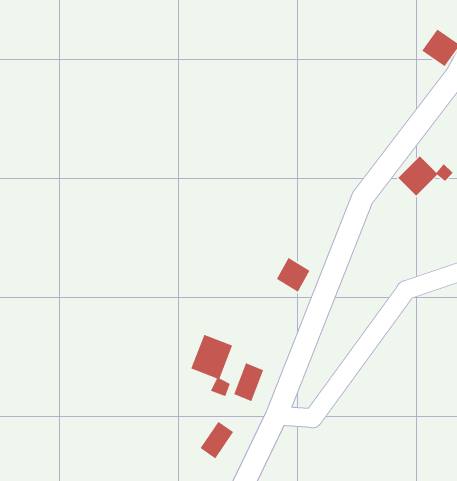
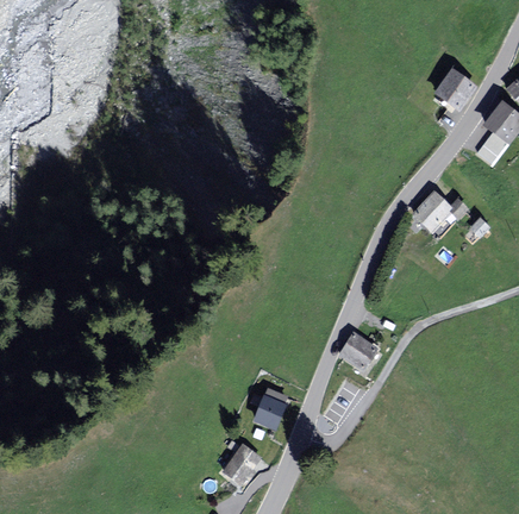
building: [276,257,311,293] -> [342,333,375,368]
building: [190,334,233,397] -> none

